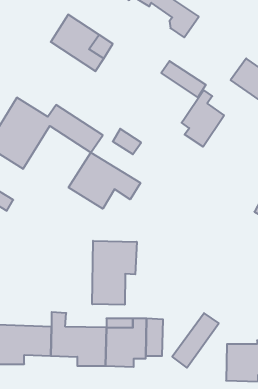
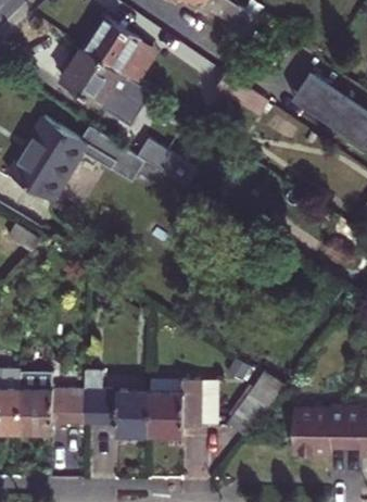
building: none -> [62,51,137,118]
building: [182,90,224,147] -> none
building: [69,152,140,209] -> none
building: [92,241,137,305] -> none

